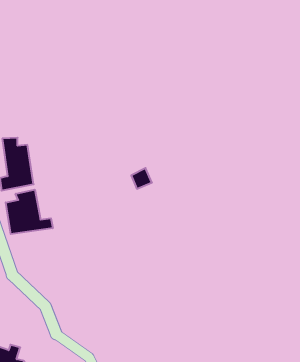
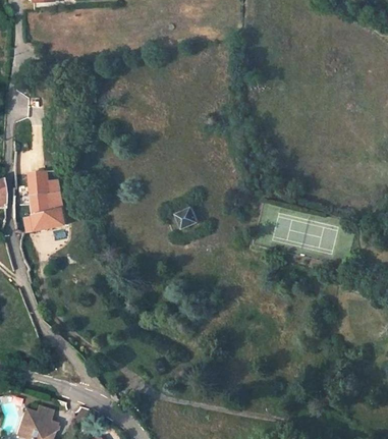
building: [6,190,53,234] -> none

